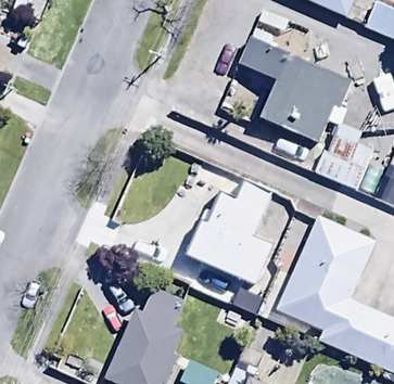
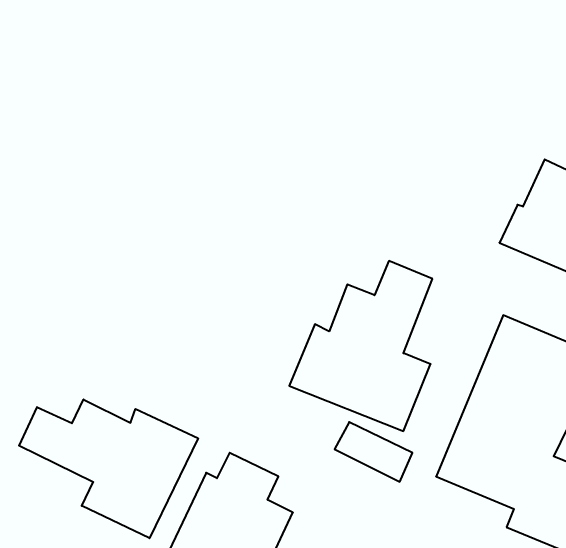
building: [239,34,346,141] -> none
building: none -> [19,399,198,538]

